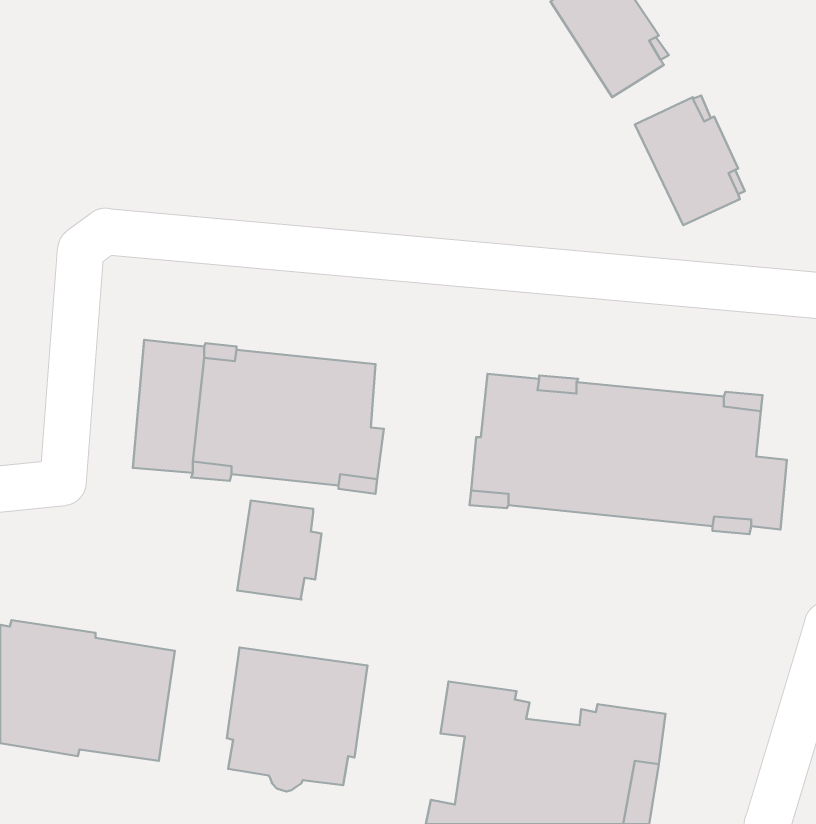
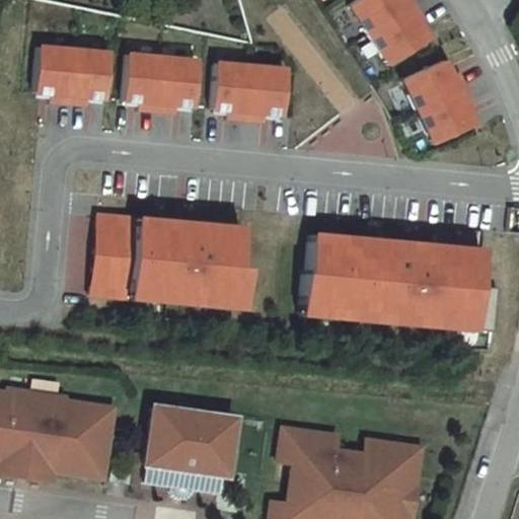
building: none -> [34,43,109,100]
building: none -> [123,51,198,108]
building: none -> [212,60,286,118]
building: [237,501,321,599] -> none

